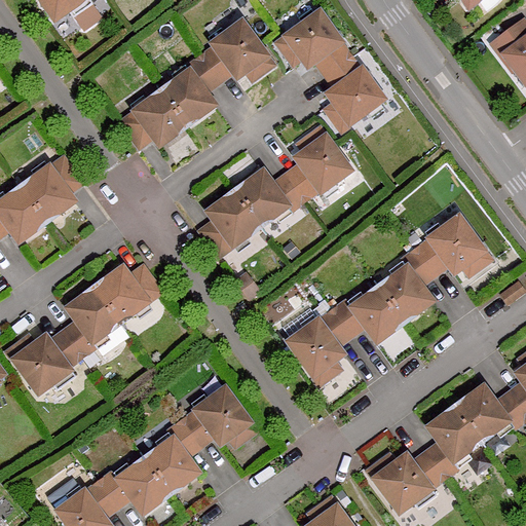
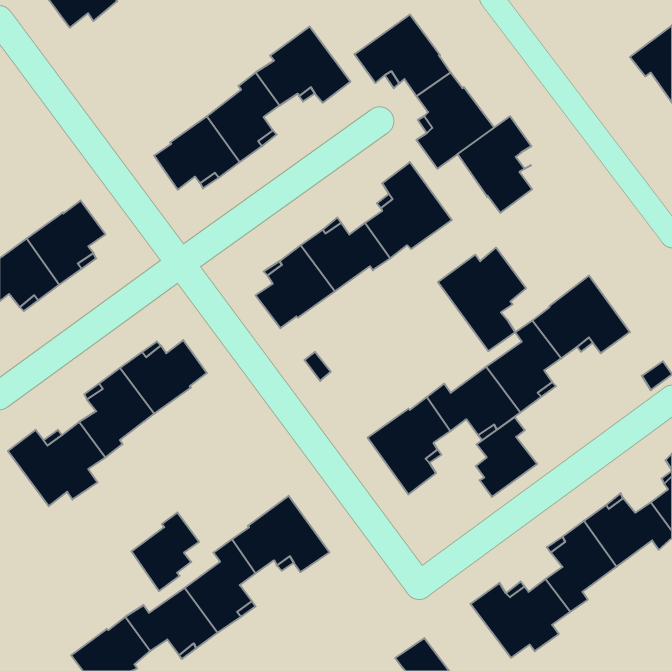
building: none -> [457,116,532,213]
building: none -> [438,248,526,351]
building: none -> [476,417,537,497]
building: none -> [131,512,199,591]

